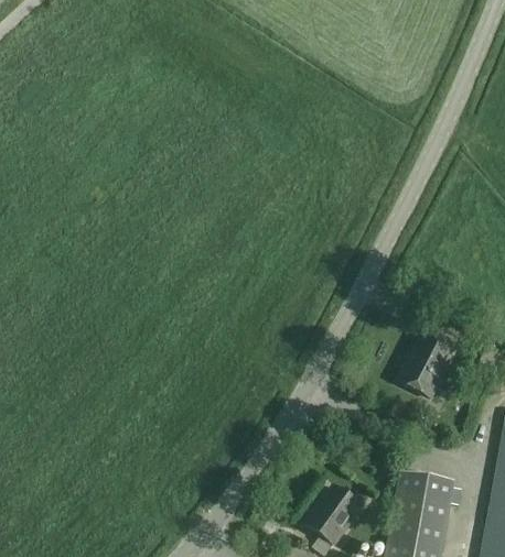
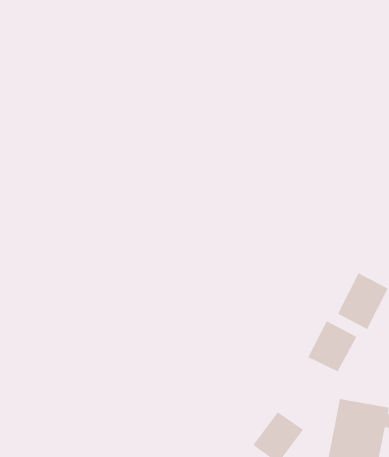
building: none -> [307,321,357,372]

